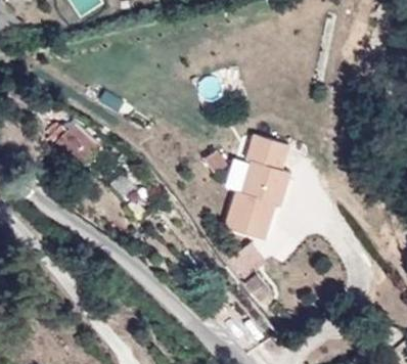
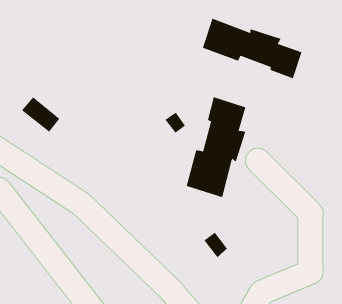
building: none -> [202,18,302,79]

